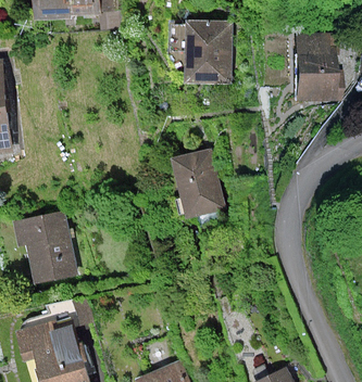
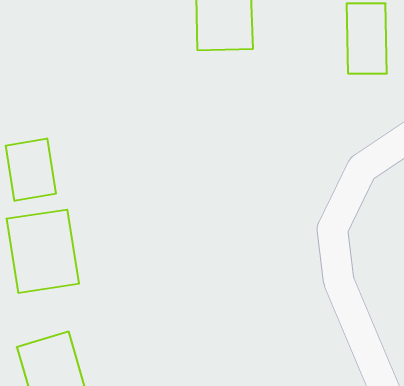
building: none -> [6,138,56,201]
building: [178,152,222,220] -> none

